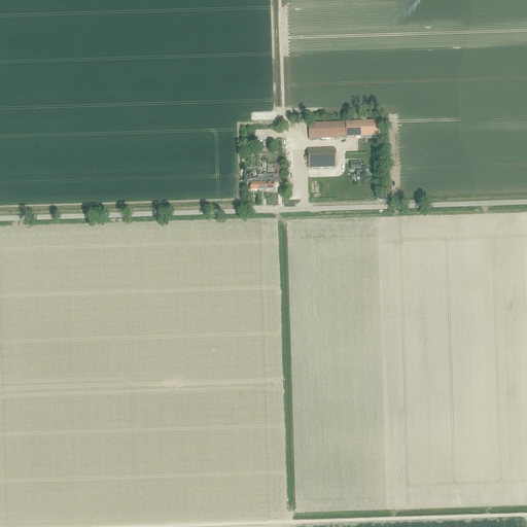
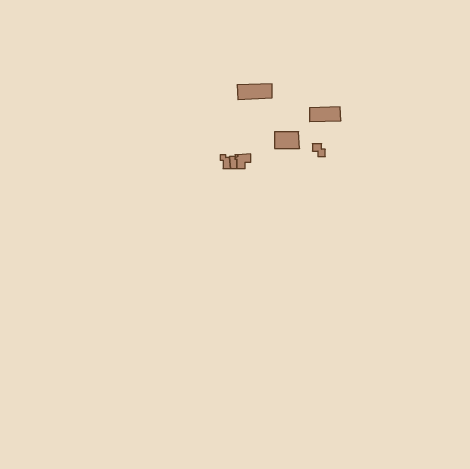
building: [307,120,346,138] -> [237,84,272,100]

